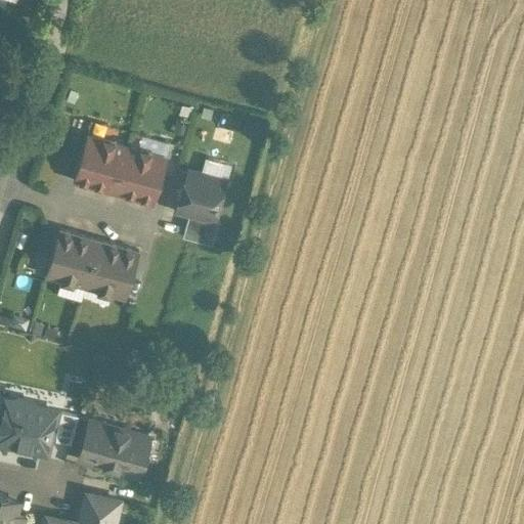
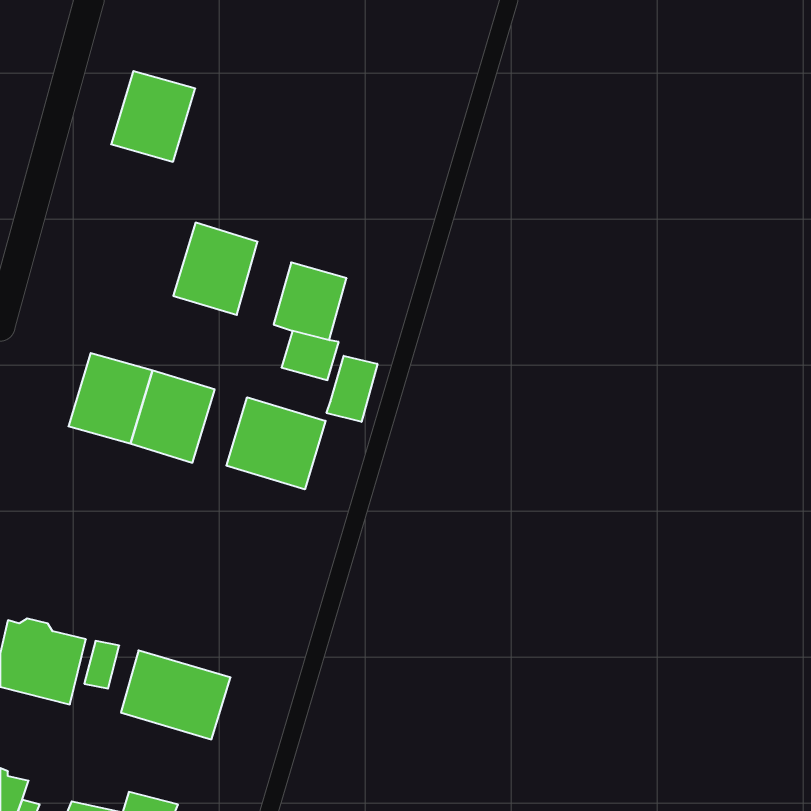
building: [73,133,127,191] -> [111,71,195,162]
building: none -> [327,356,377,422]
building: none -> [226,397,326,489]
building: [84,495,119,519] -> none

